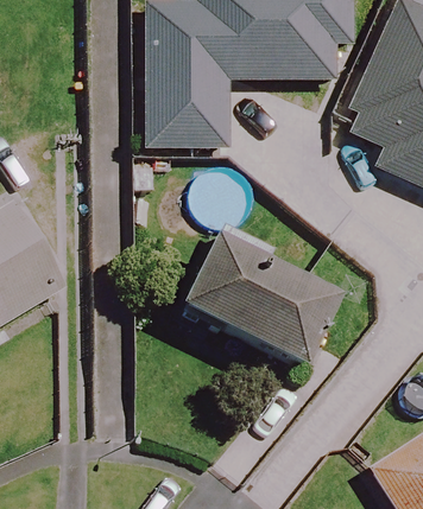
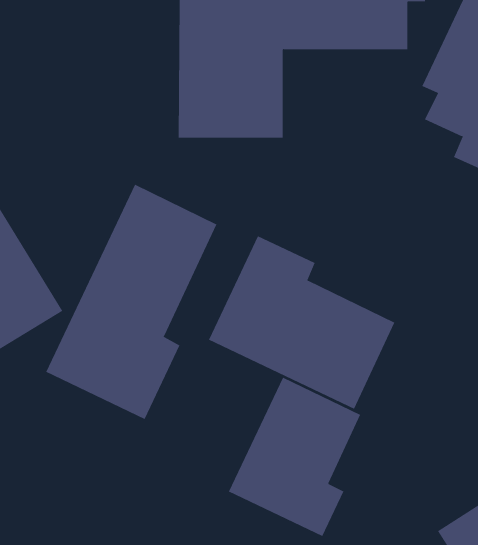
building: none -> [45,184,217,420]
building: none -> [228,377,361,537]

